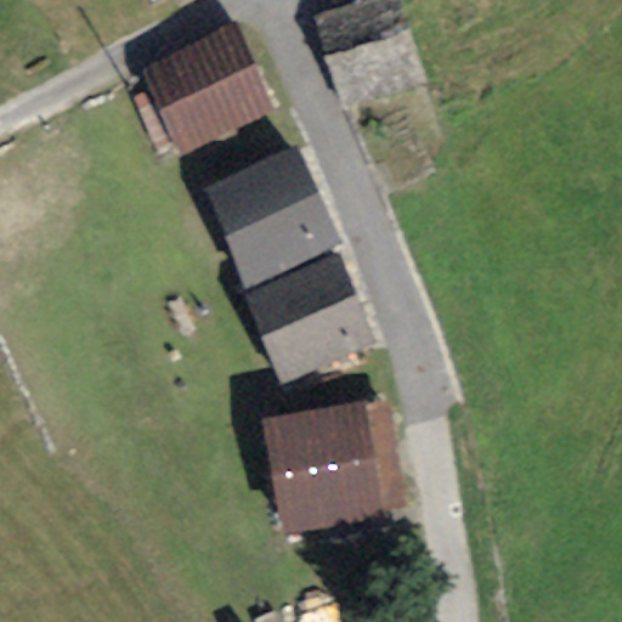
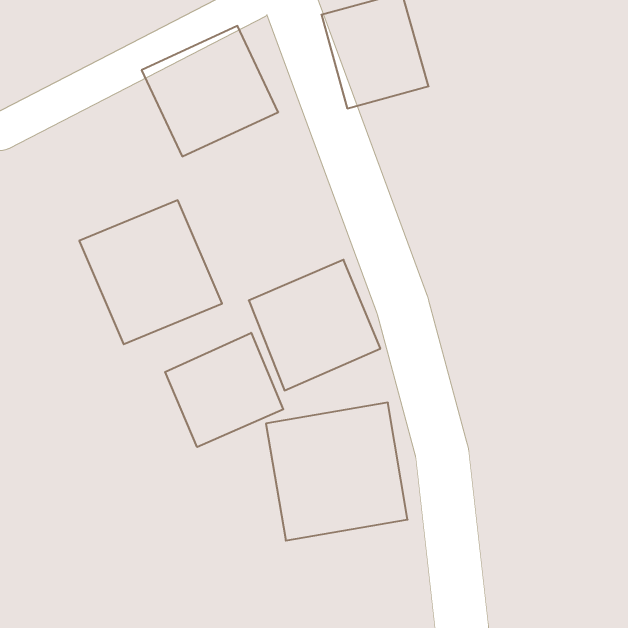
building: [200,146,341,288] -> [79,200,222,344]
building: none -> [165,333,283,447]

